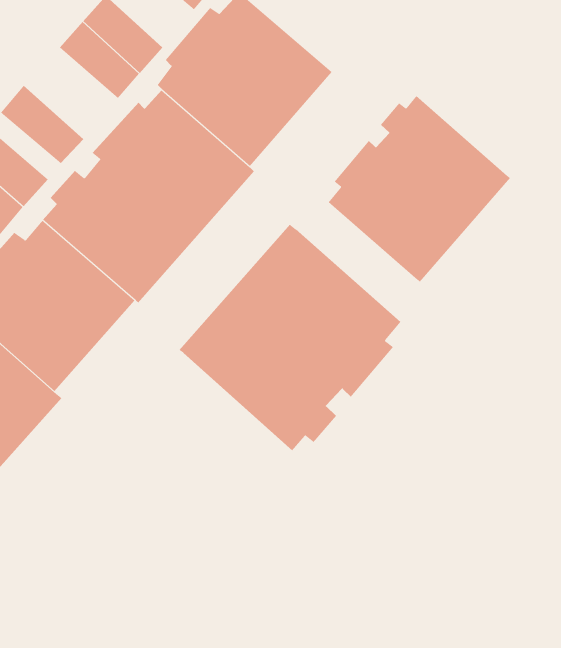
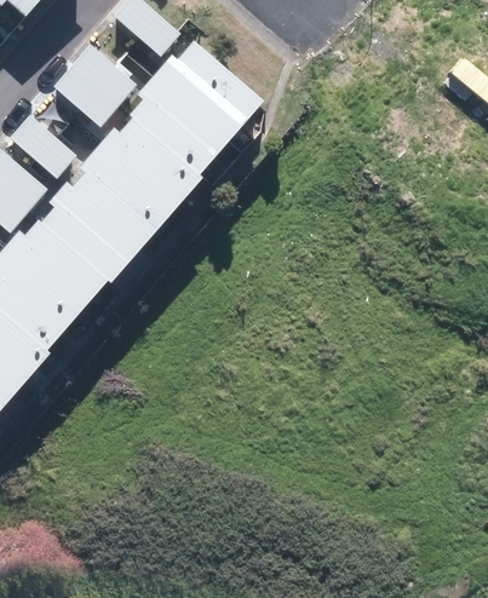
building: [328,95,511,282] -> none
building: [179,224,401,451] -> none

